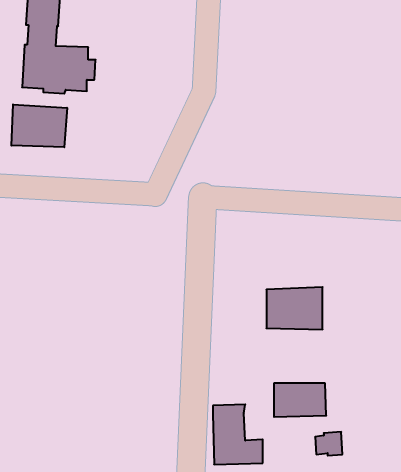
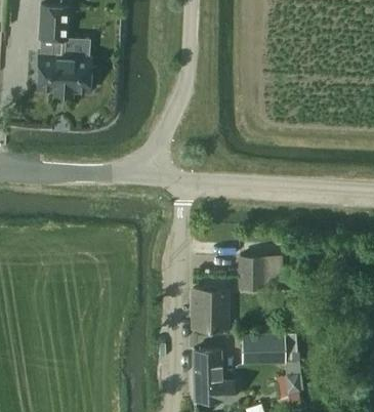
building: [11,104,67,147] -> none
building: none -> [192,290,226,329]

